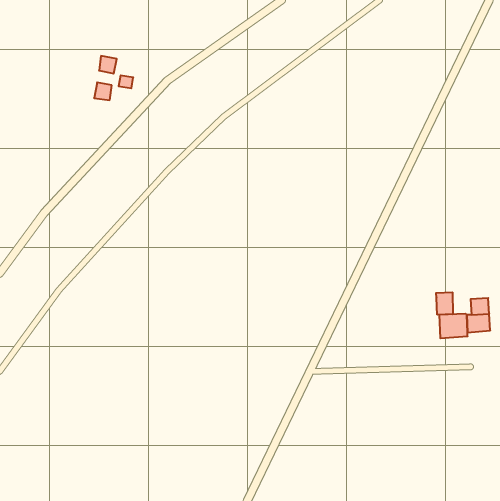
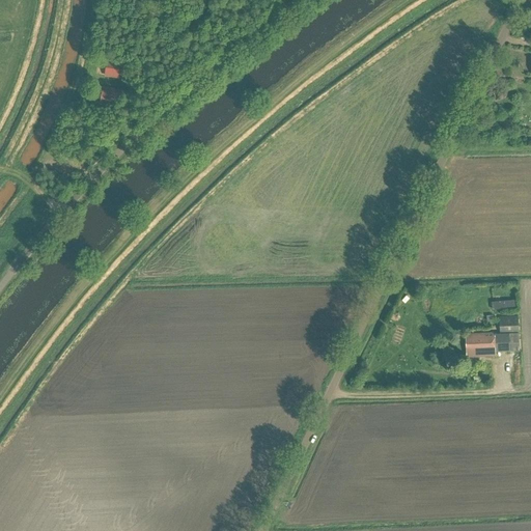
building: [436,292,453,315] -> none

